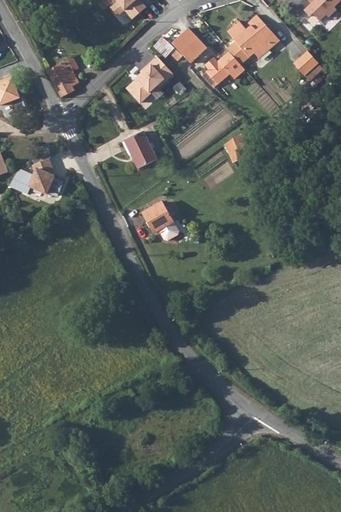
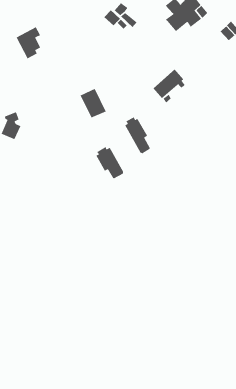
building: [202,50,242,87] -> [153,68,186,99]
building: [127,55,173,101] -> none
building: none -> [124,116,150,154]

